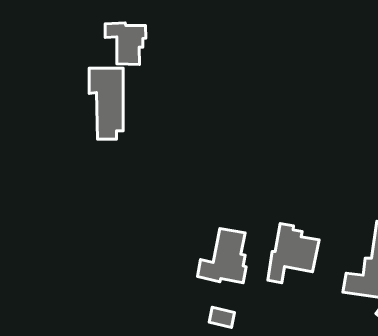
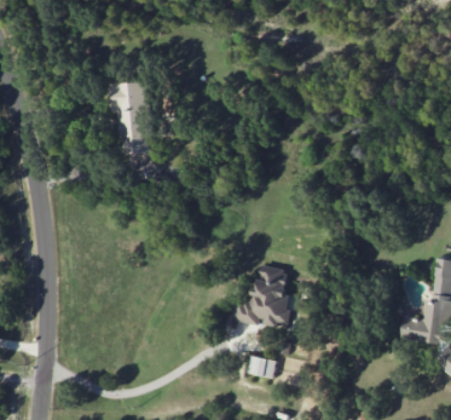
building: [105,23,146,64] -> none
building: [268,223,319,283] -> none

